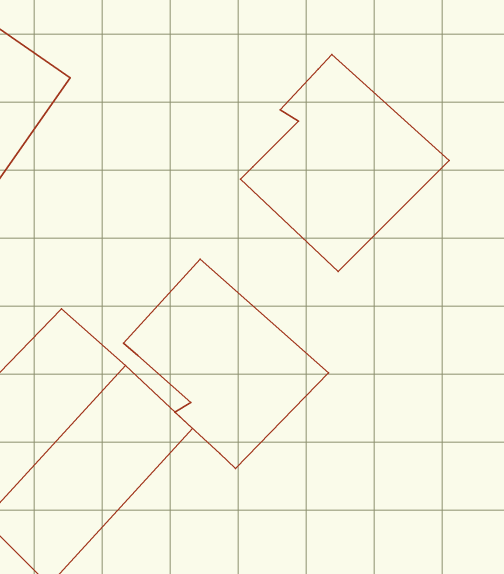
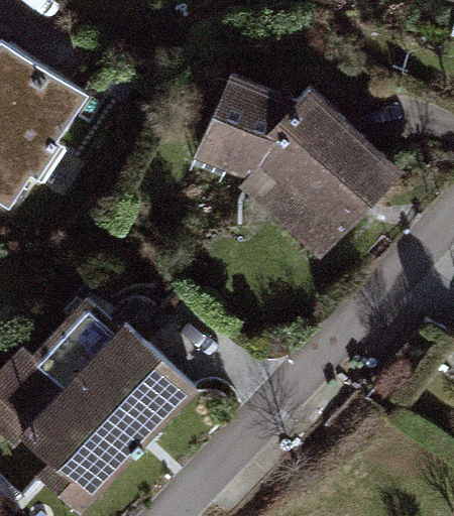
building: none -> [190,72,299,178]
building: [124,259,329,469] -> none

